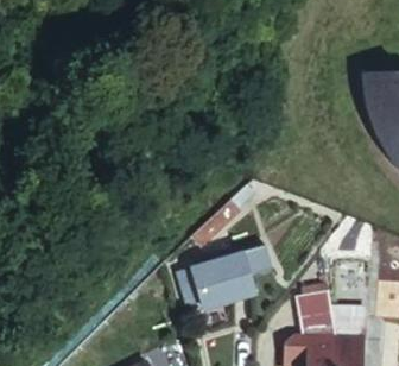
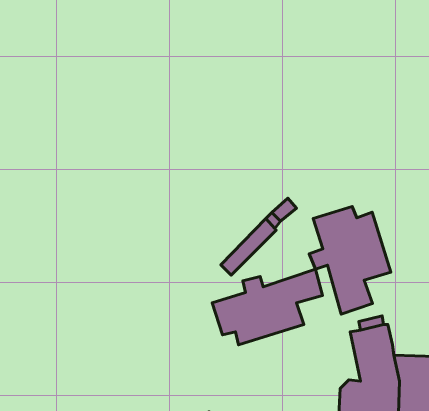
building: none -> [309,206,391,314]

